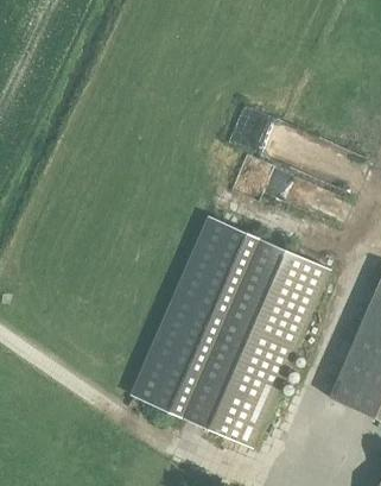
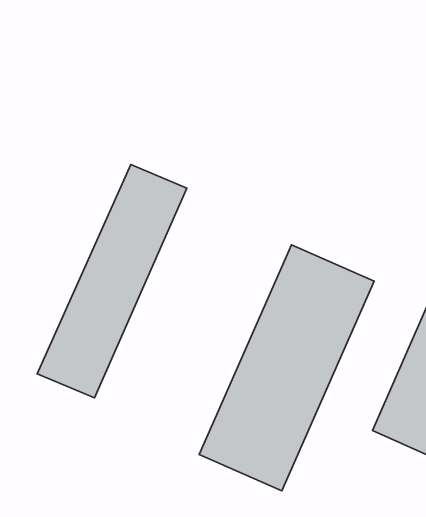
building: [132,219,259,417] -> [37,164,187,398]

